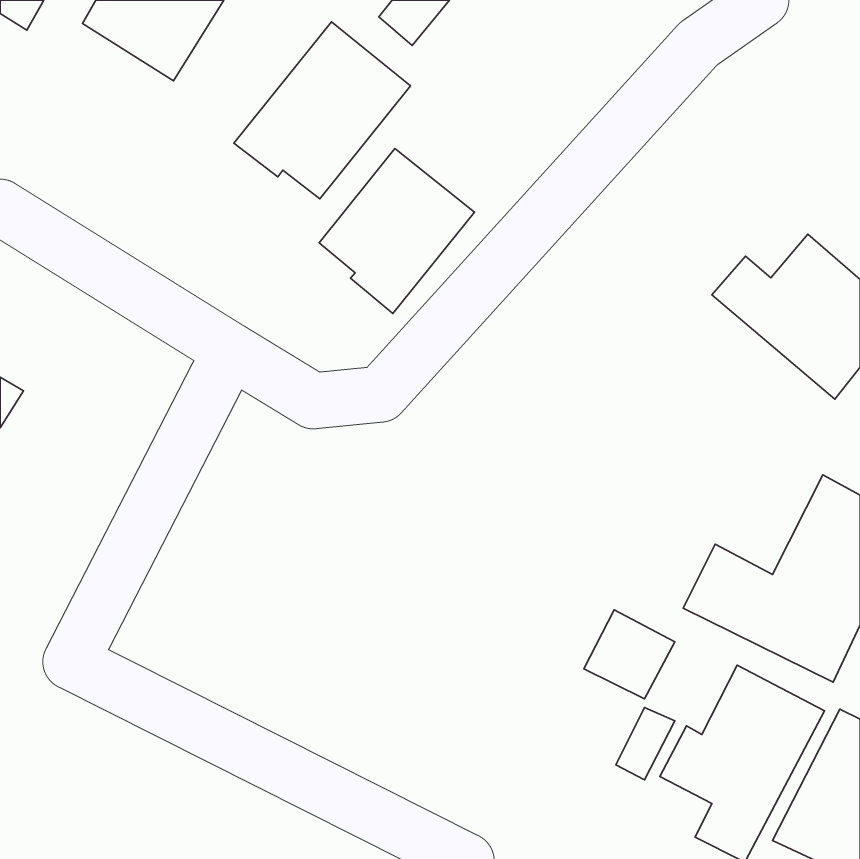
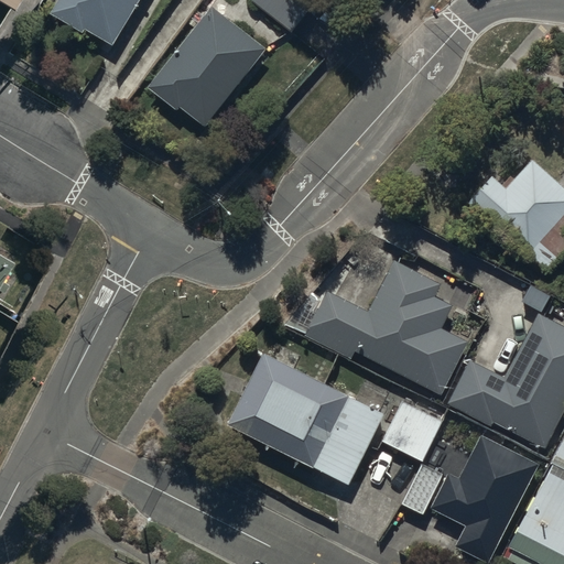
building: [319,148,474,314] -> none
building: none -> [305,258,467,398]
building: none -> [230,351,380,479]

